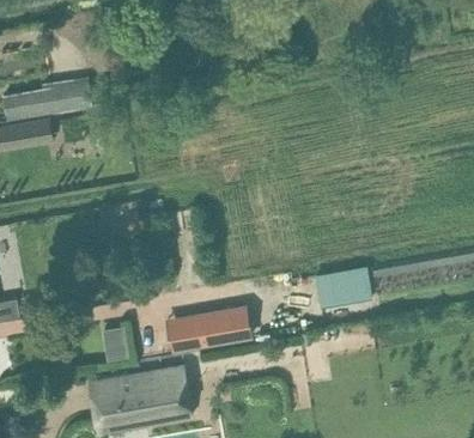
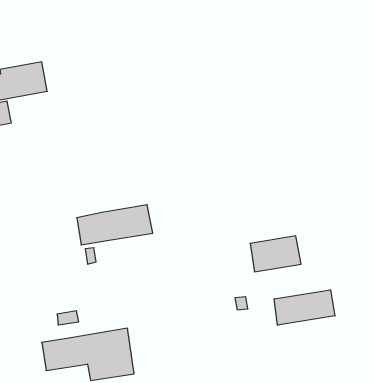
building: [169,310,253,354] -> [77,205,153,245]
building: none -> [274,290,335,325]

